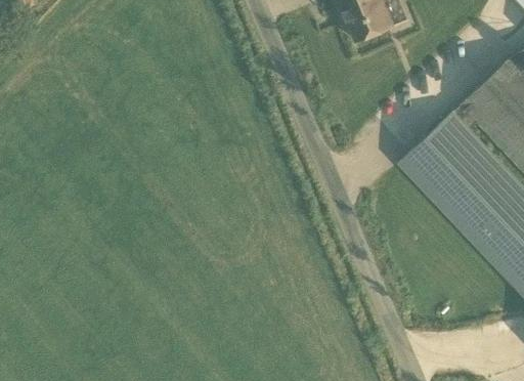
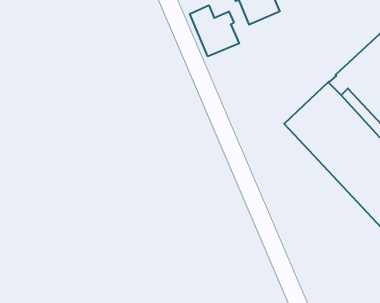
building: none -> [190,5,239,56]

